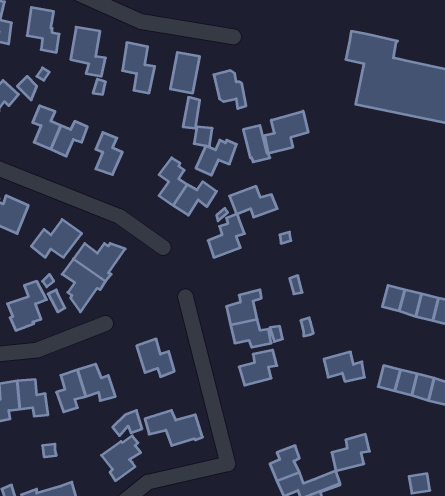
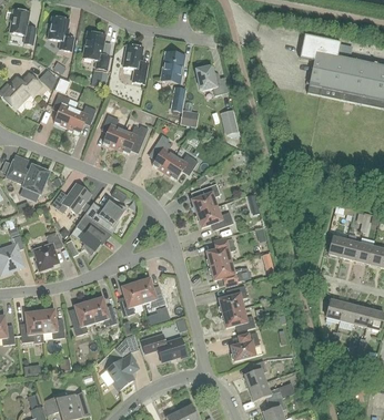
building: [265,111,308,153] -> none
building: [196,140,237,175] -> [115,125,148,153]
building: [229,186,277,217] -> [195,205,233,229]
building: none -> [119,283,141,316]
building: [324,352,365,381] -> [220,308,252,331]
building: [332,434,370,471] -> [226,332,256,361]

